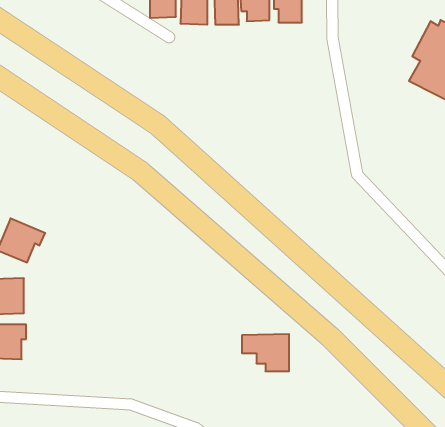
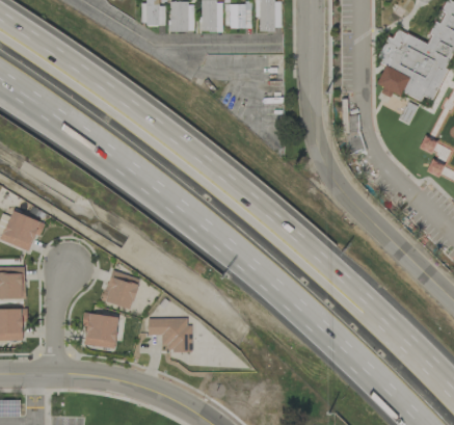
building: none -> [101,269,138,309]
building: none -> [81,314,116,347]
building: [242,334,289,371] -> [146,317,190,351]

